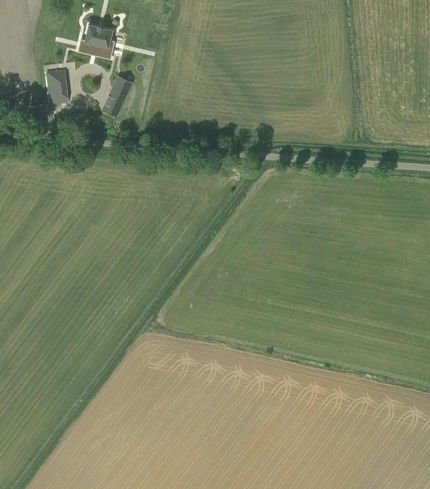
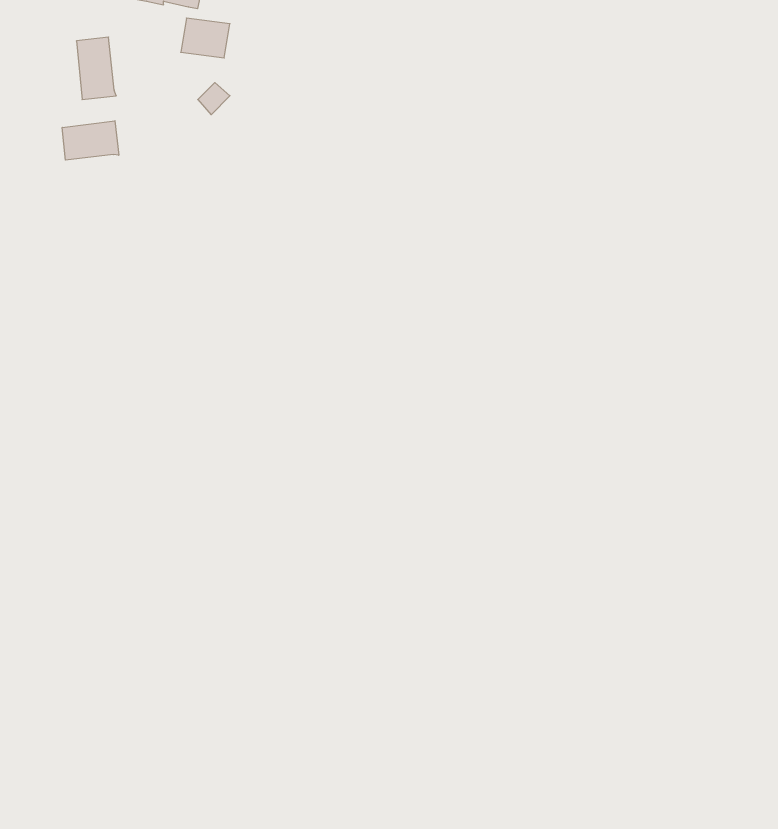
building: none -> [62,121,119,160]

